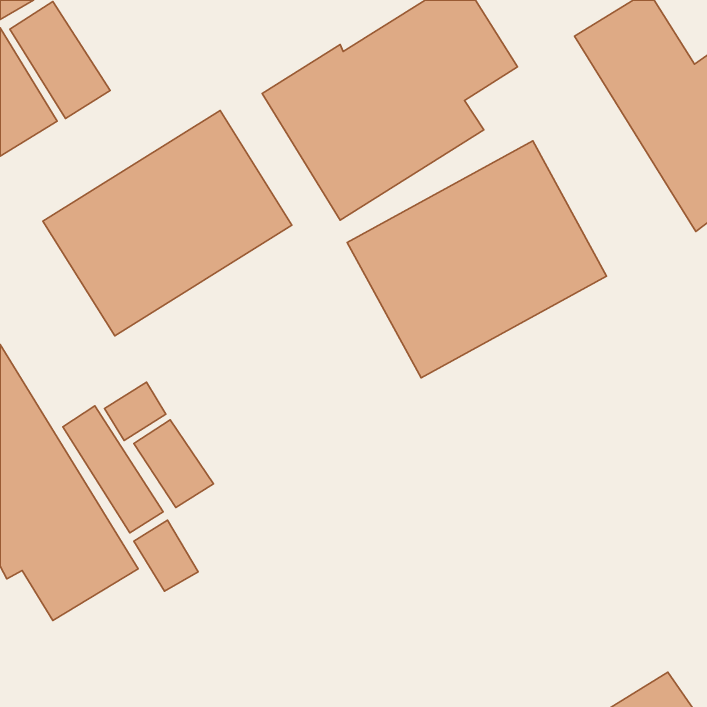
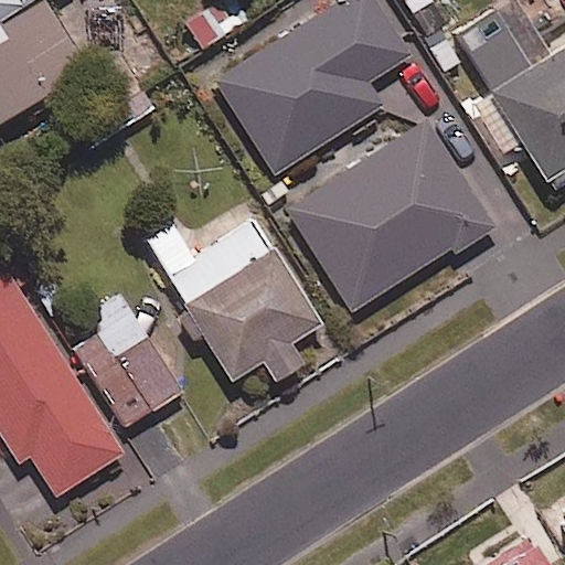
building: [43,111,292,336] -> none
building: none -> [146,222,326,383]

